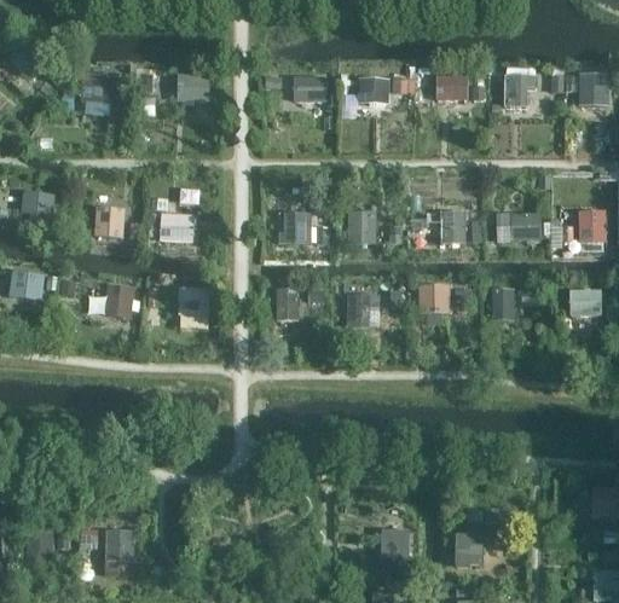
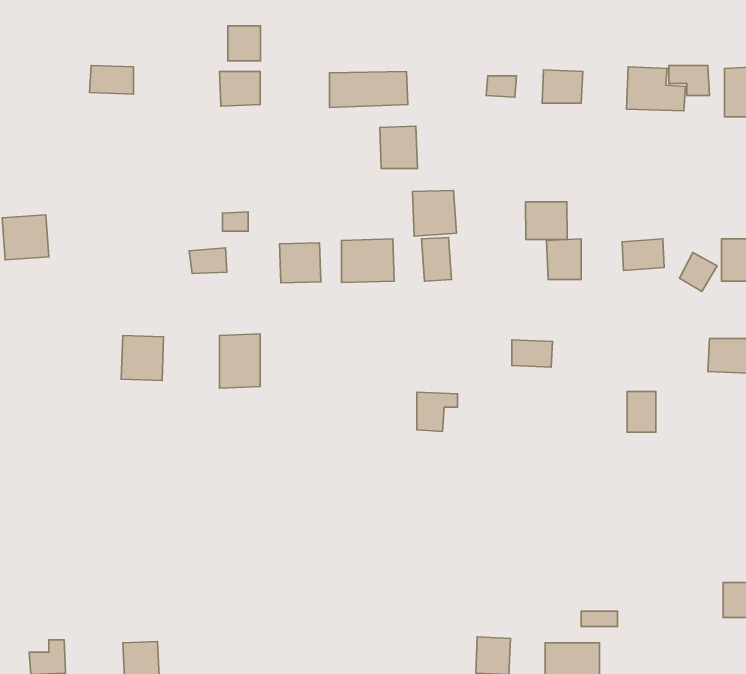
building: none -> [228,26,261,61]
building: [355,74,386,108] -> [380,126,417,168]
building: none -> [412,191,457,236]
building: none -> [526,202,567,239]
building: [96,199,127,238] -> none
building: none -> [280,243,321,283]
building: [11,269,46,301] -> none
building: [268,286,296,320] -> none
building: [493,289,516,321] -> [627,392,656,432]
building: [349,294,382,325] -> [417,392,458,431]

